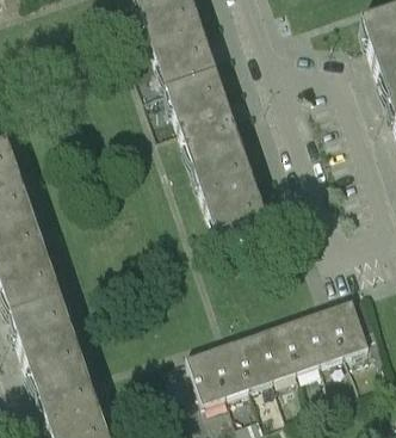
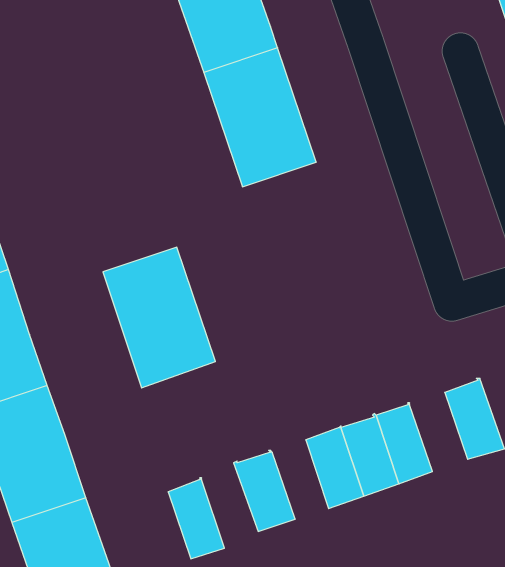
building: [193,146,270,241] -> [103,247,215,388]
building: [307,301,346,356] -> none
building: [214,333,252,388] -> [168,478,224,559]

